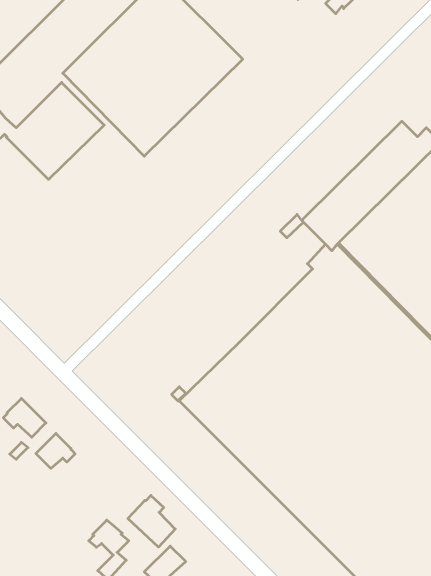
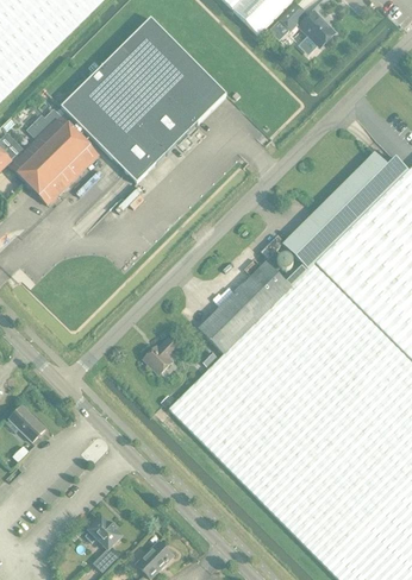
building: none -> [198,260,291,353]
building: none -> [143,338,177,373]
building: [36,433,75,468] -> none
building: [128,495,175,547] -> none

